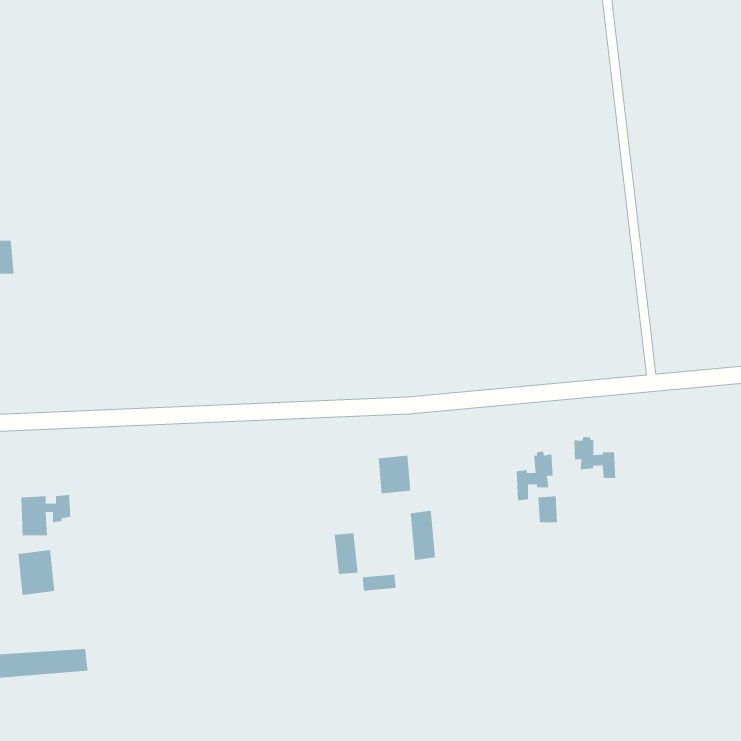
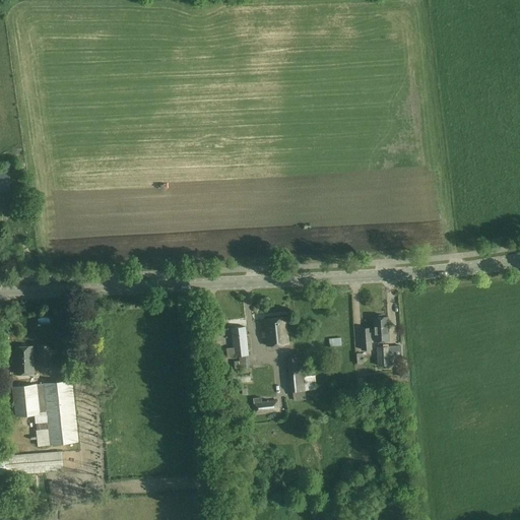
building: [573,436,616,479] -> none
building: [334,533,359,575] -> [231,328,248,358]
building: none -> [44,382,76,445]

